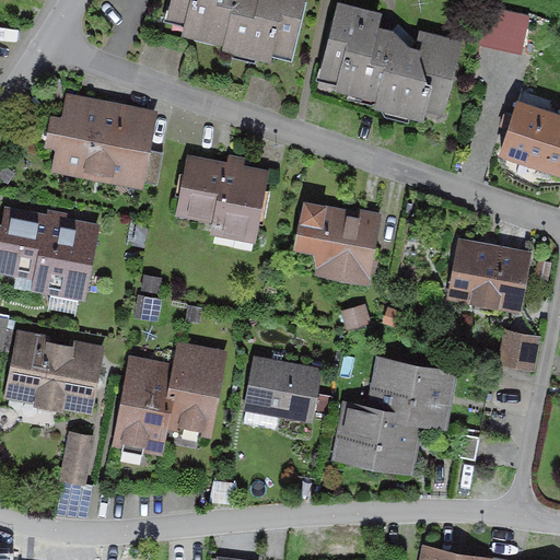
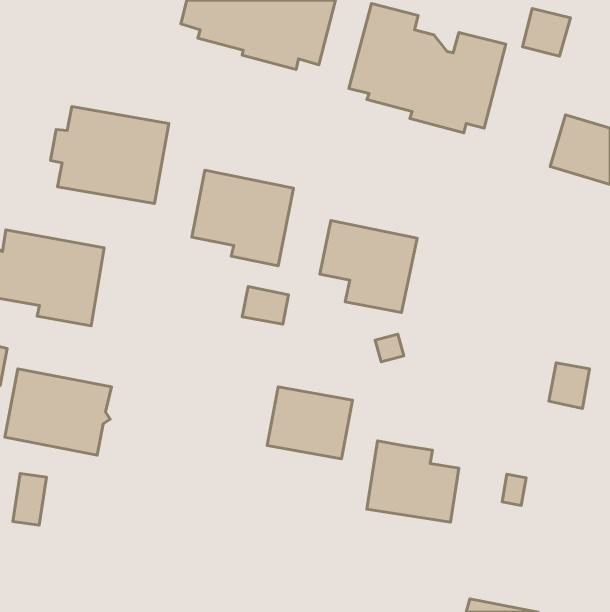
building: [448,243,529,310] -> none
building: none -> [242,286,288,324]
building: [112,343,224,455] -> none
building: [368,357,458,432] -> none
building: [60,438,91,485] -> [13,474,46,525]

